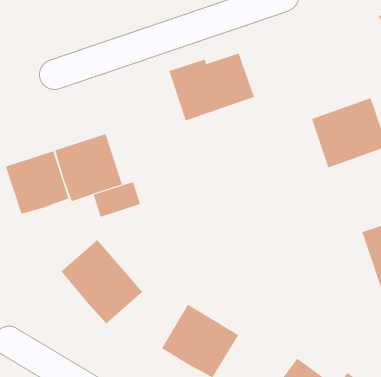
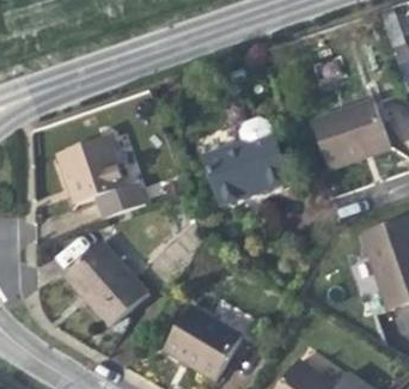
building: [168,53,255,121] -> [203,136,289,205]
building: [5,150,69,215] -> none

